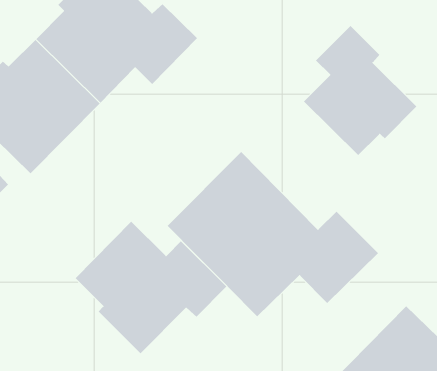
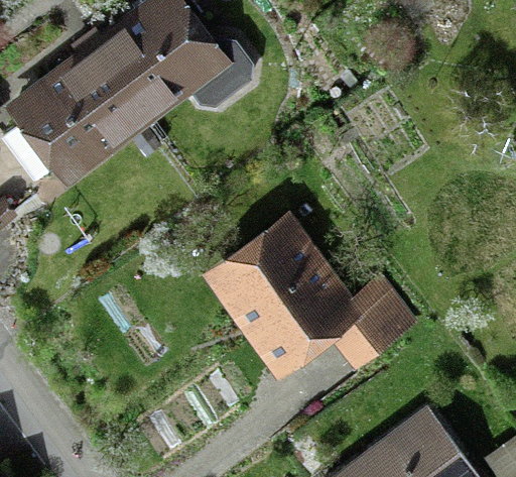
building: [303,25,417,156] -> none
building: [75,221,227,354] -> none

